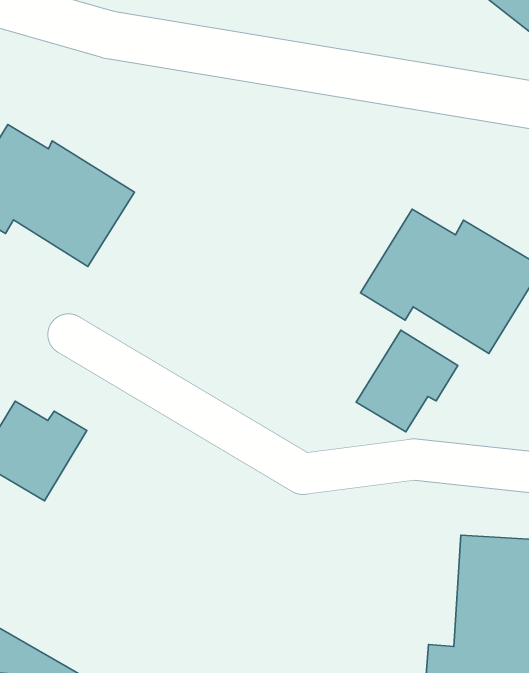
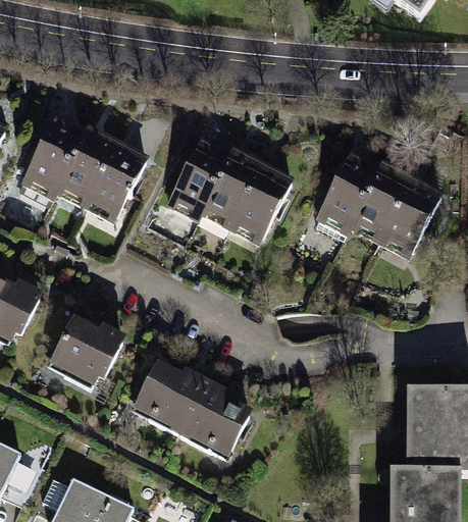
building: none -> [162,141,294,244]
building: [356,330,458,432] -> none
building: none -> [132,360,253,458]

